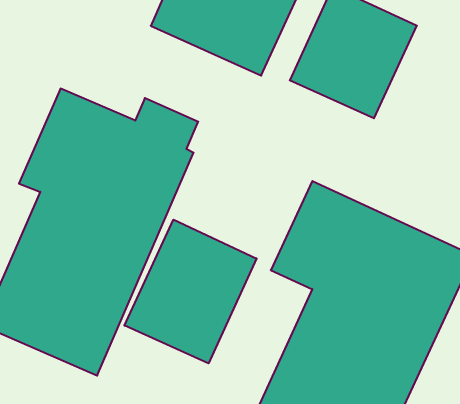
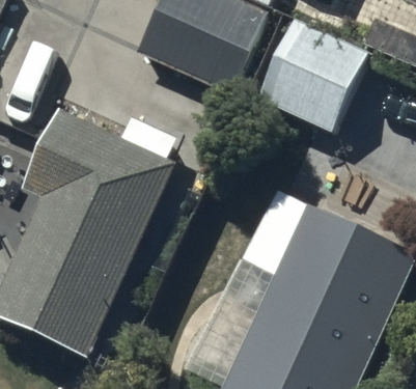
building: [124,220,257,363] -> none

